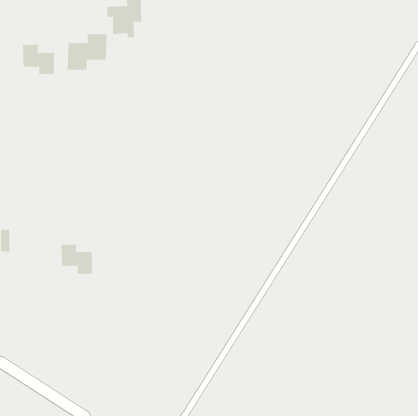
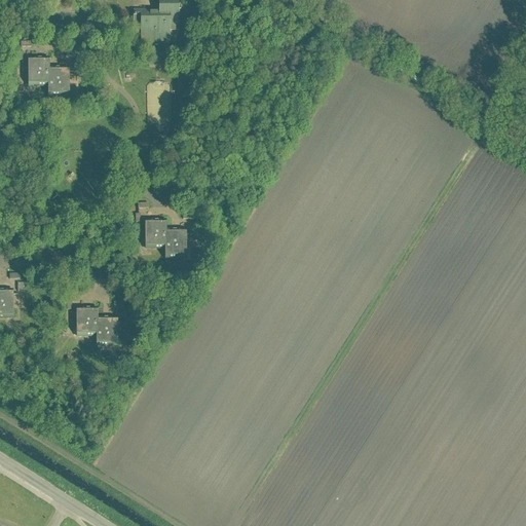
building: [67,34,107,71] -> none
building: none -> [145,218,186,256]

